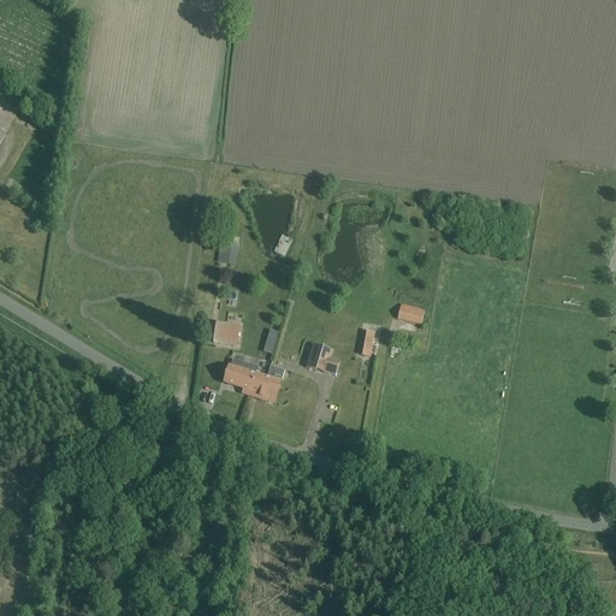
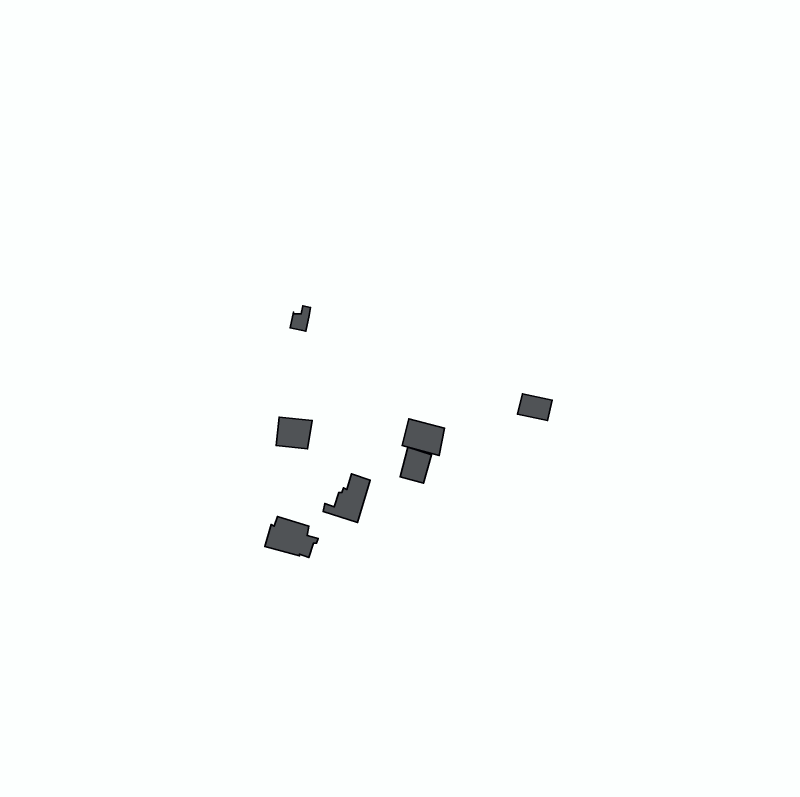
building: none -> [402,419,444,456]
building: [223,357,263,389] -> [265,517,318,557]

